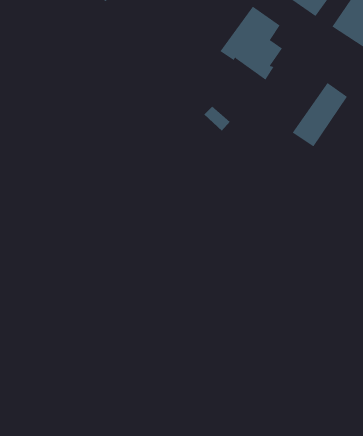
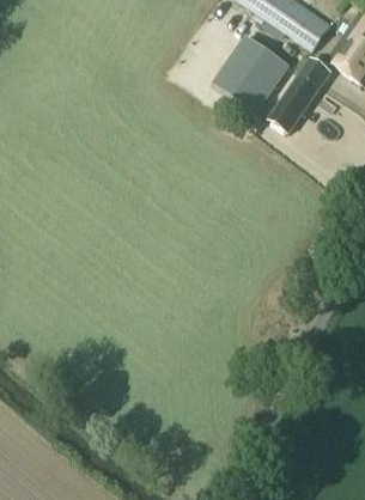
building: [292,82,348,147] -> [270,66,326,129]

